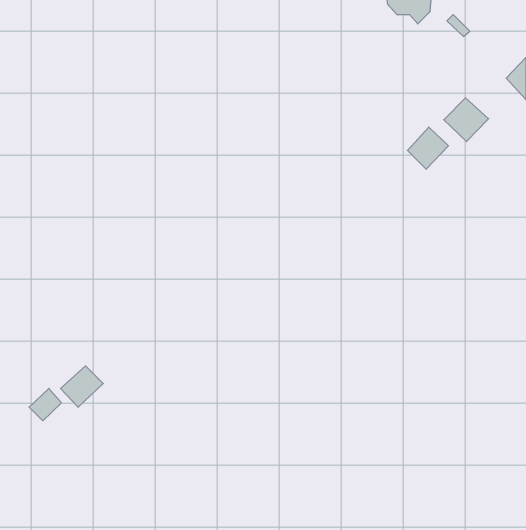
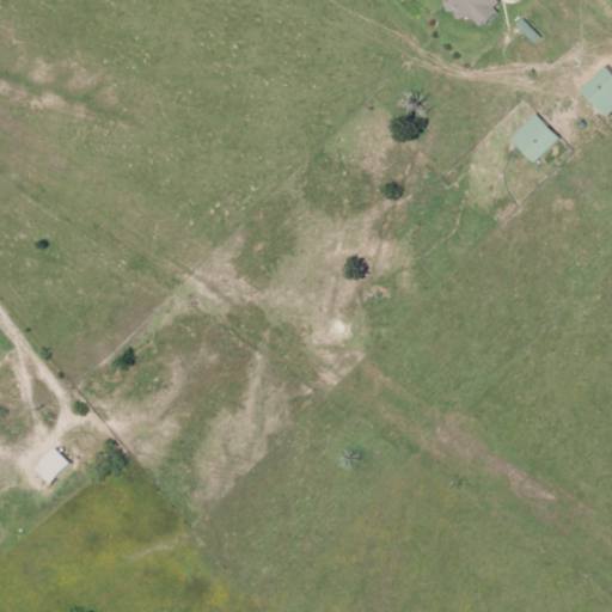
building: [407,127,448,169] -> none
building: [61,366,103,407] -> none

